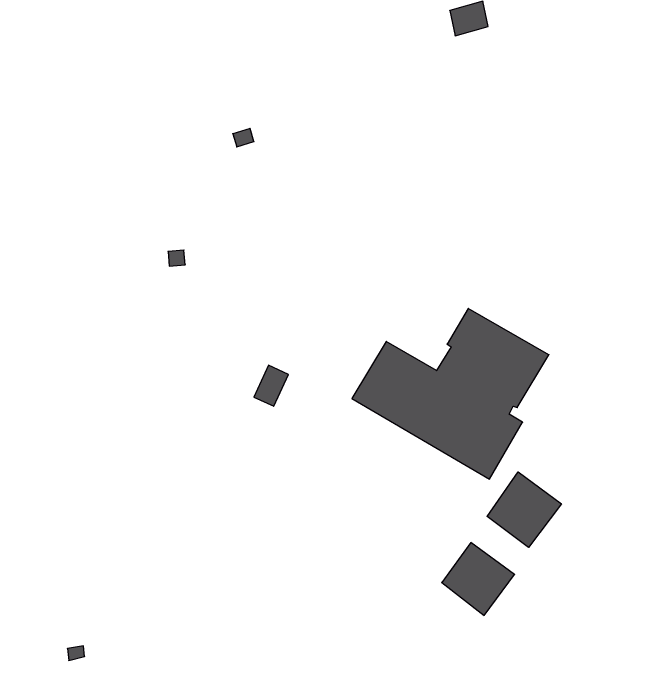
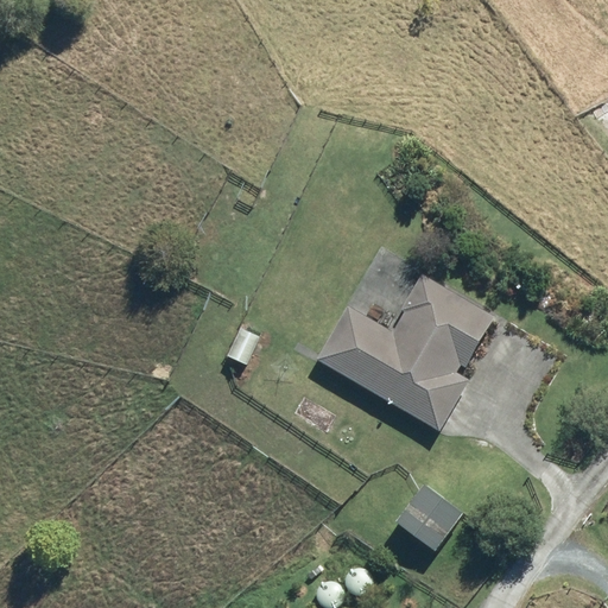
building: [487,472,561,547] -> none

